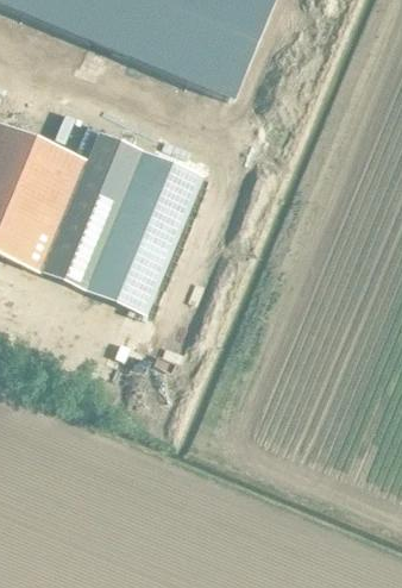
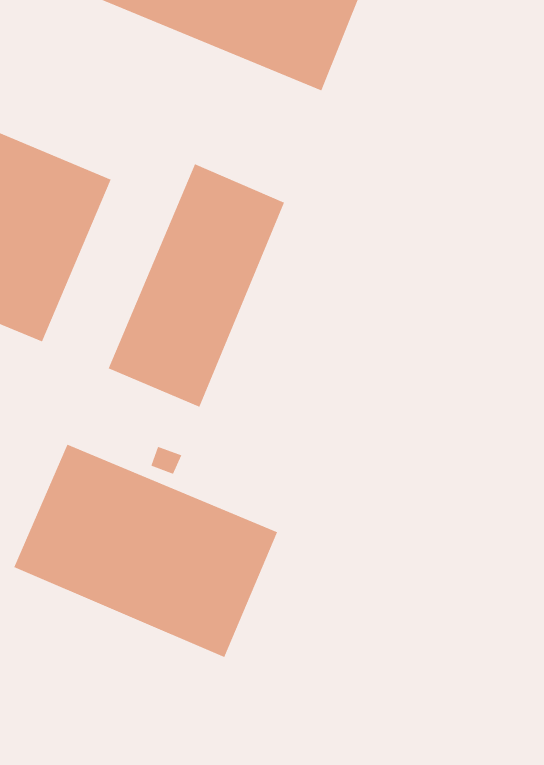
building: [42,131,144,287] -> none
building: none -> [13,444,278,658]

